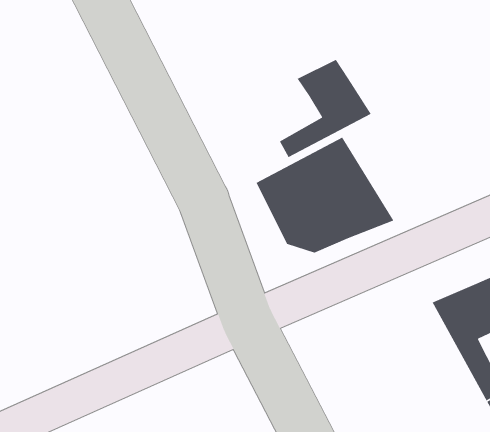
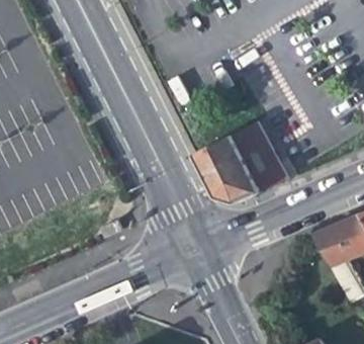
building: [279,59,372,158] -> none

